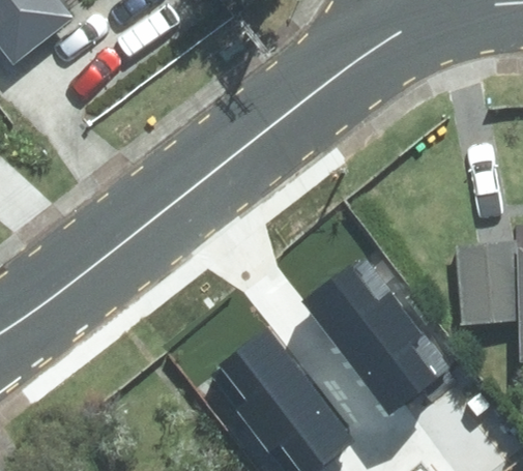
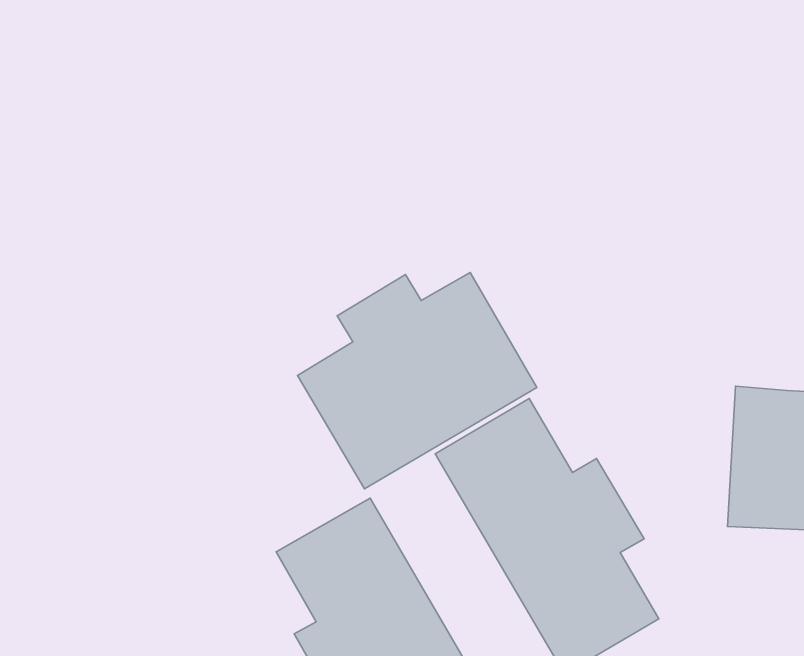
building: none -> [297,273,537,489]

